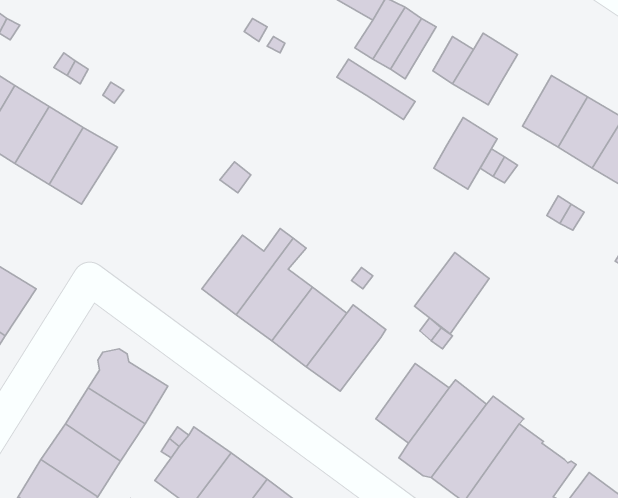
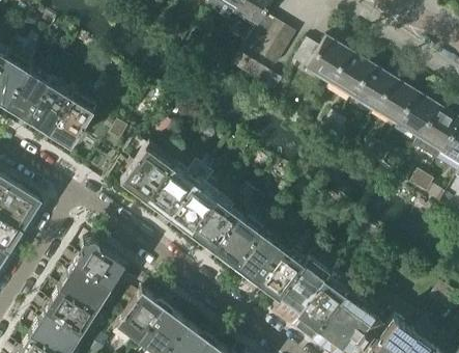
building: [434,118,497,189] -> [329,51,370,97]
building: none -> [120,146,173,200]
building: [414,252,489,334] -> [235,232,283,283]

